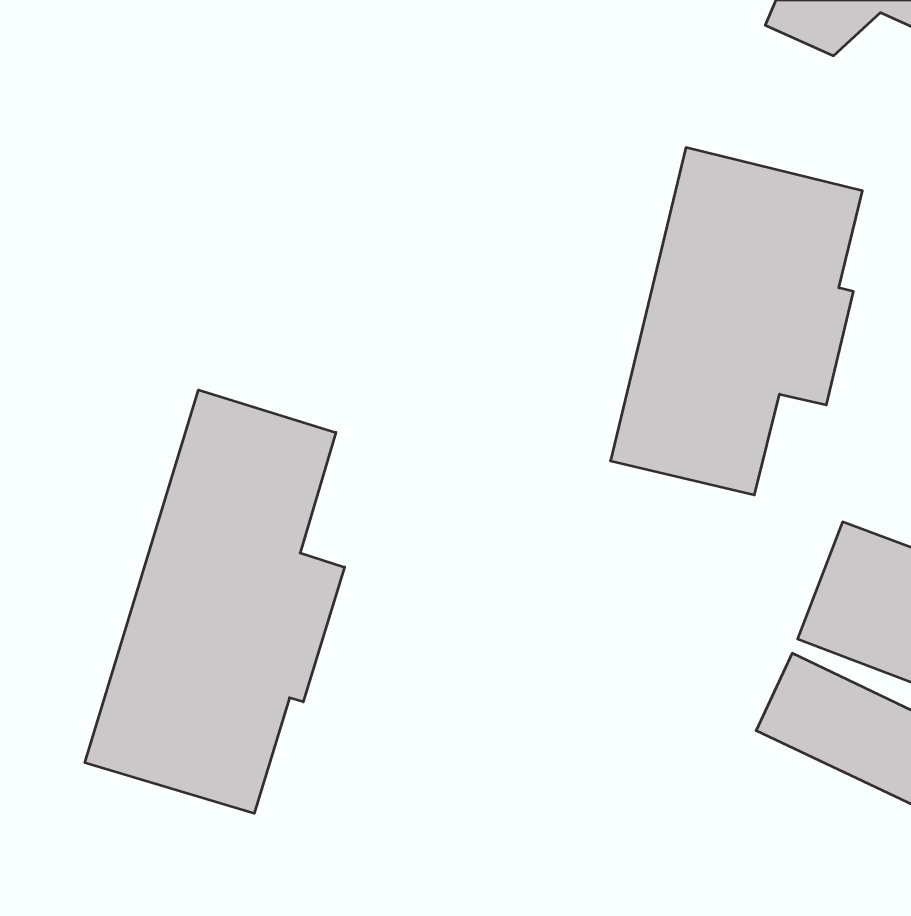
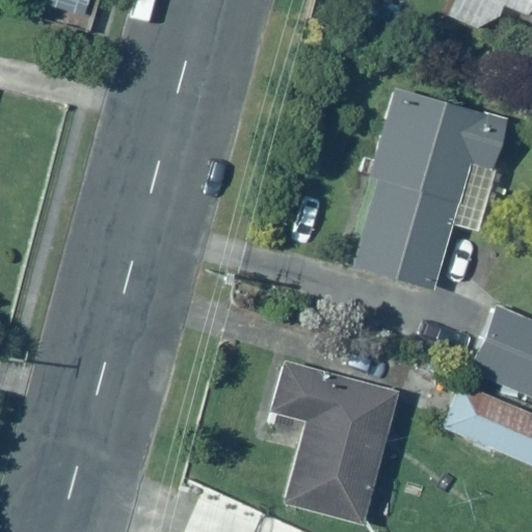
building: [85,390,345,813] -> none
building: none -> [267,358,394,524]

